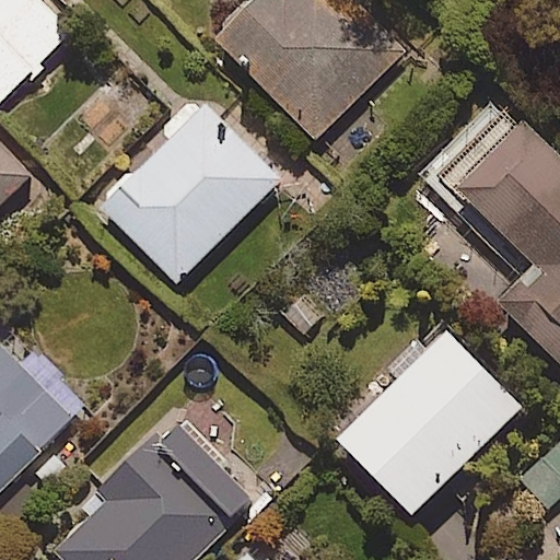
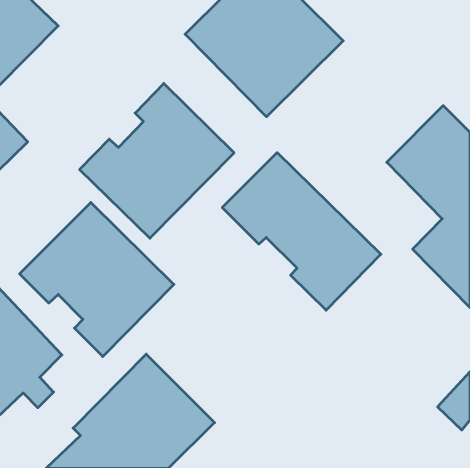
building: none -> [222,153,381,310]
building: none -> [20,202,174,357]
building: [339,332,522,516] -> none

